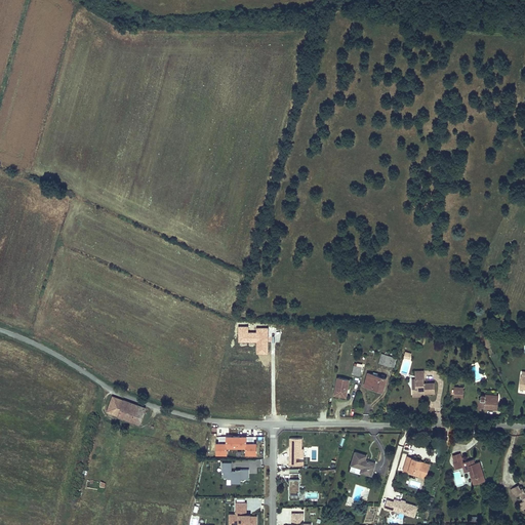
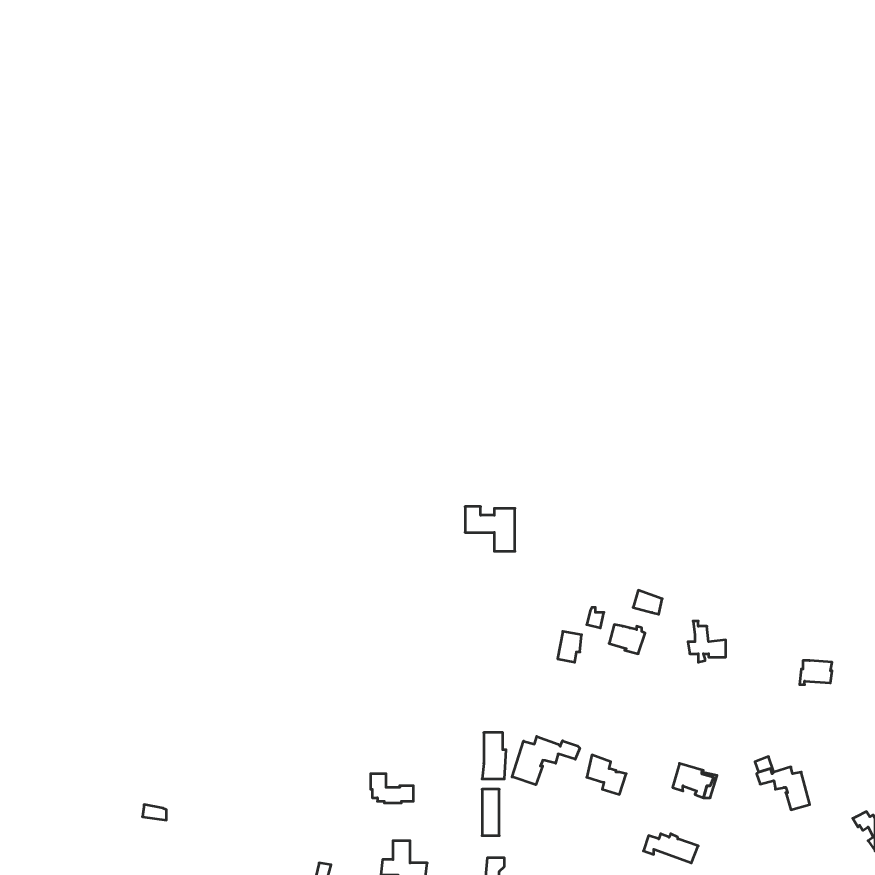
building: [238,327,268,354] -> [465,507,515,551]
building: [107,397,145,425] -> none
building: [215,439,254,457] -> none
building: none -> [512,736,580,785]

